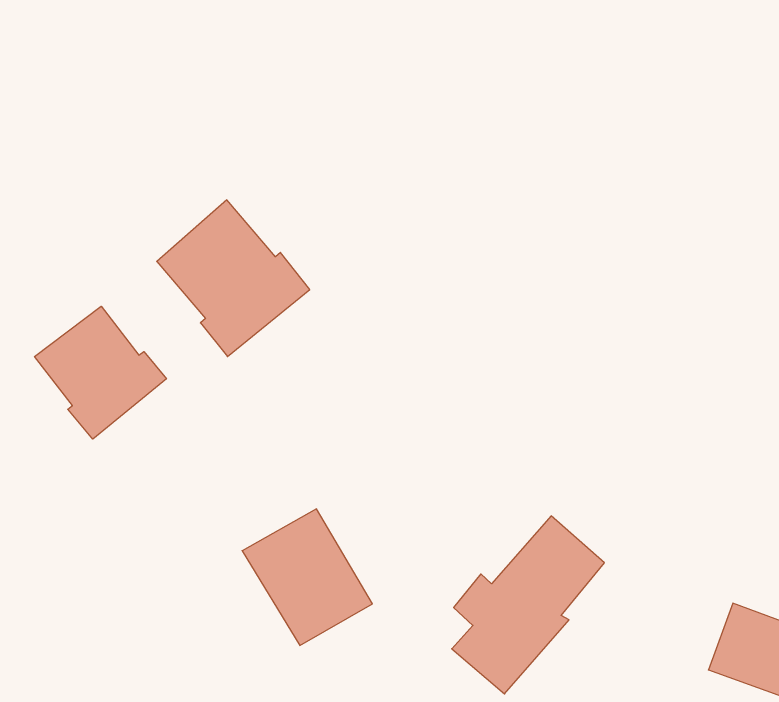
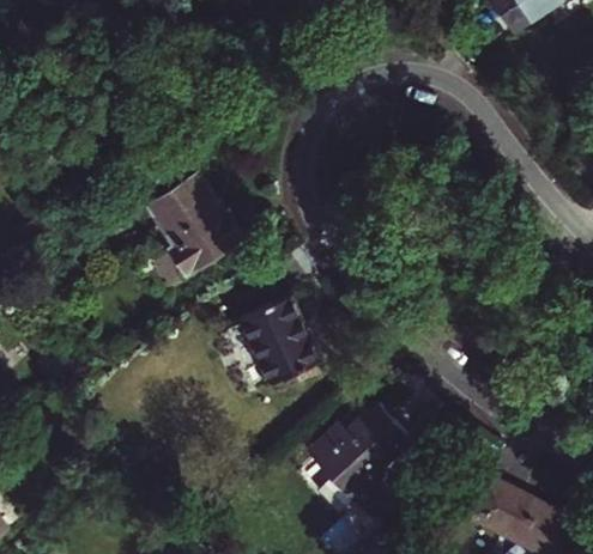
building: [35,306,166,439] -> none
building: [242,509,372,645] -> [240,294,319,381]

